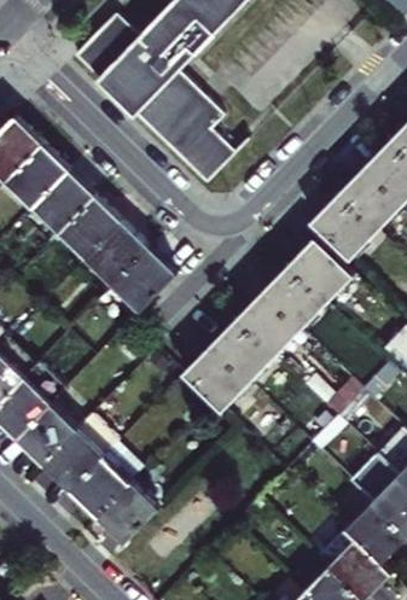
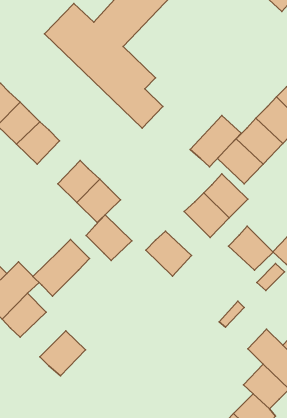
building: none -> [190,116,241,167]
building: [65,202,123,260] -> none
building: [238,297,298,356] -> [228,226,273,270]
building: [186,349,248,410] -> [86,215,132,261]
building: [42,416,118,493] -> [33,240,89,296]
building: [97,483,159,546] -> none

